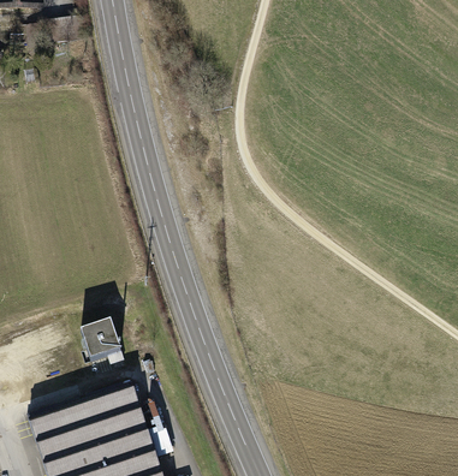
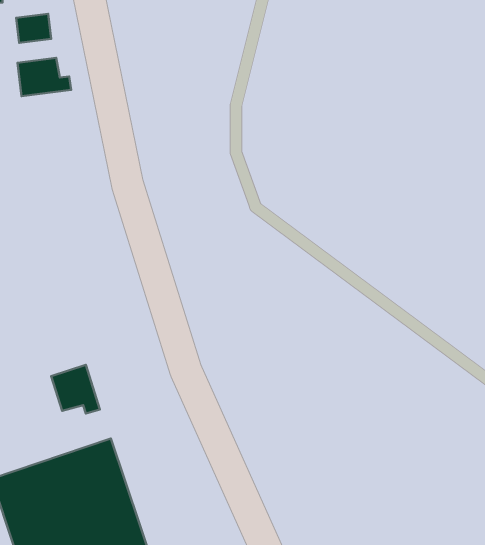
building: none -> [17,58,71,96]

